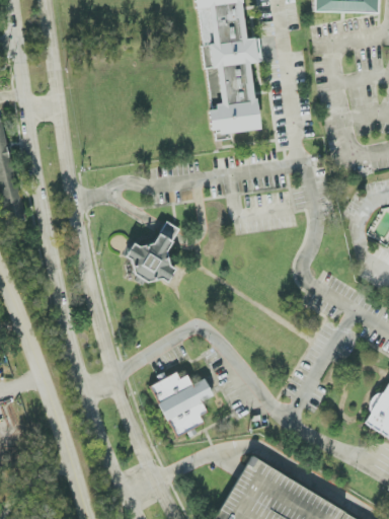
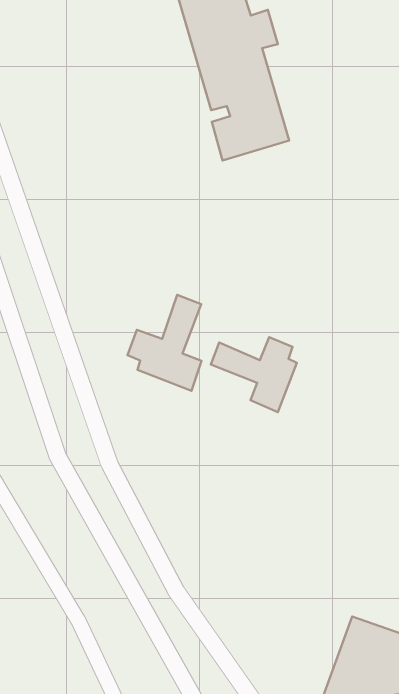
building: none -> [211,337,297,412]
building: [150,372,214,437] -> none

